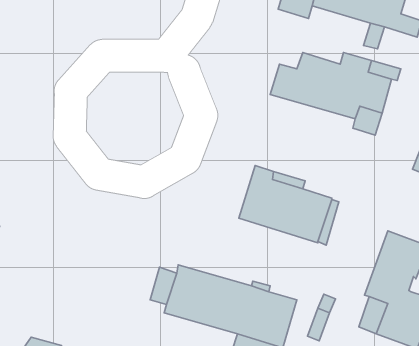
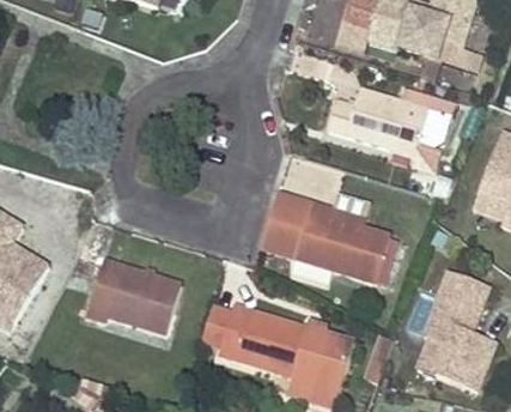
building: none -> [261,193,311,256]
building: none -> [86,259,181,332]

